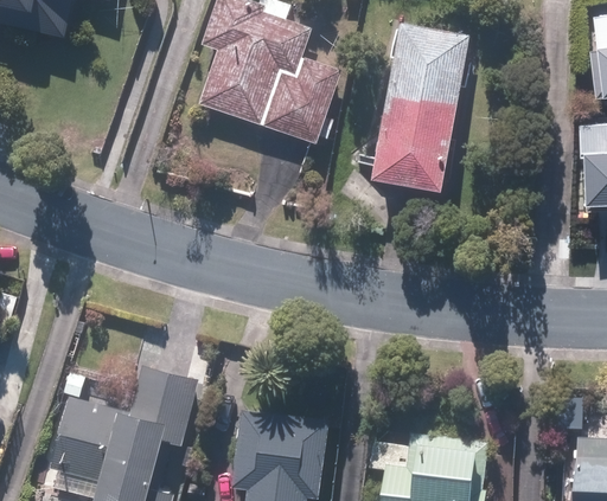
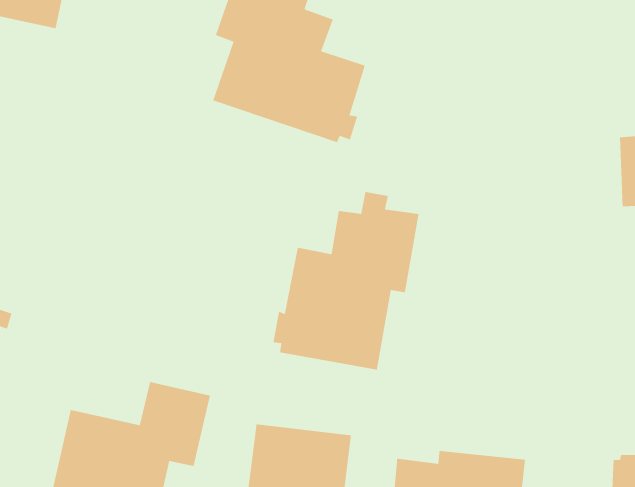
building: [370,27,468,198] -> none
building: none -> [272,191,420,370]

